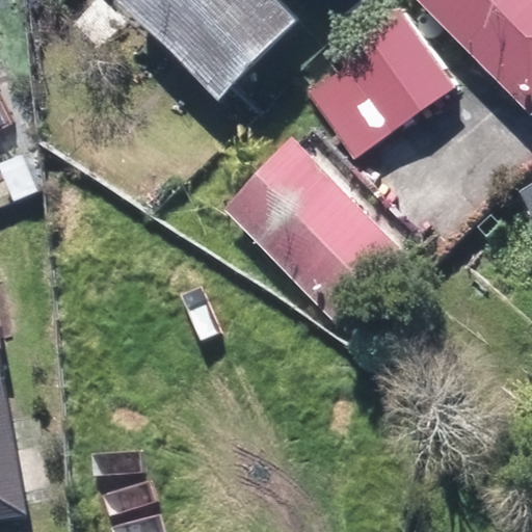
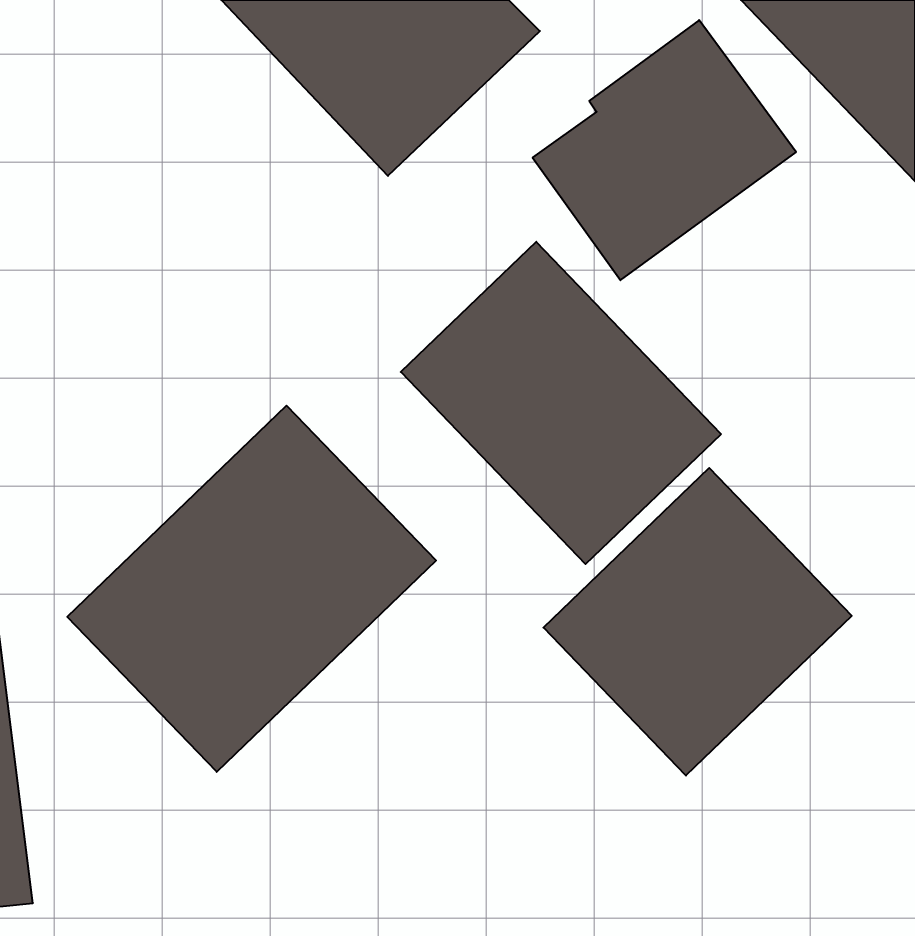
building: none -> [67,406,436,772]
building: none -> [543,468,852,776]

